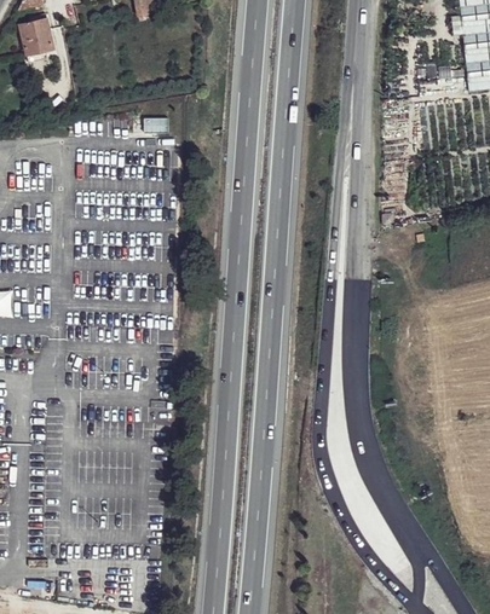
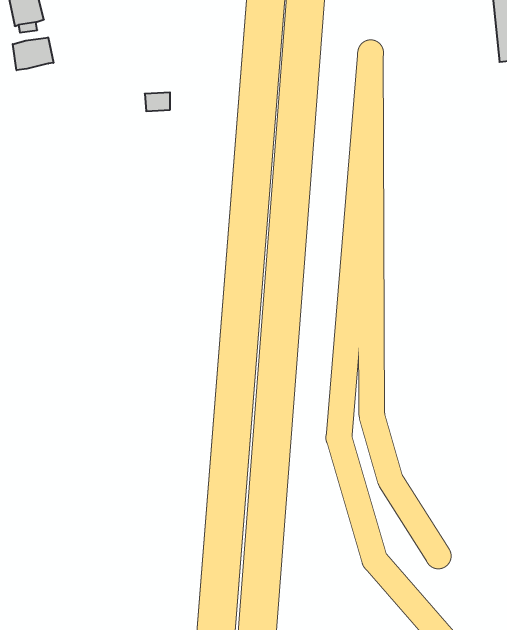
building: none -> [13,37,53,70]

